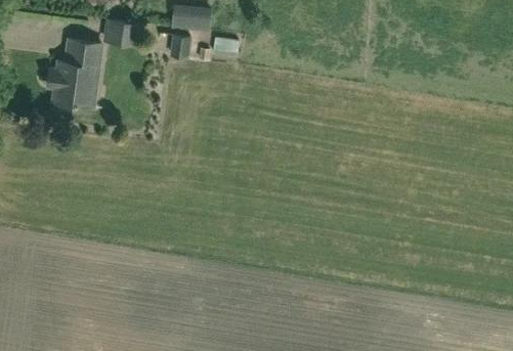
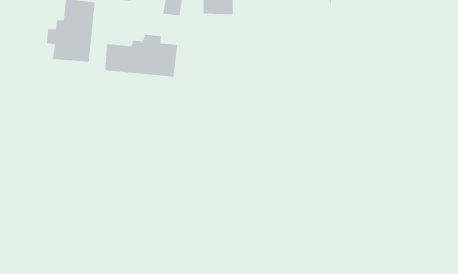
building: none -> [105,34,178,78]

